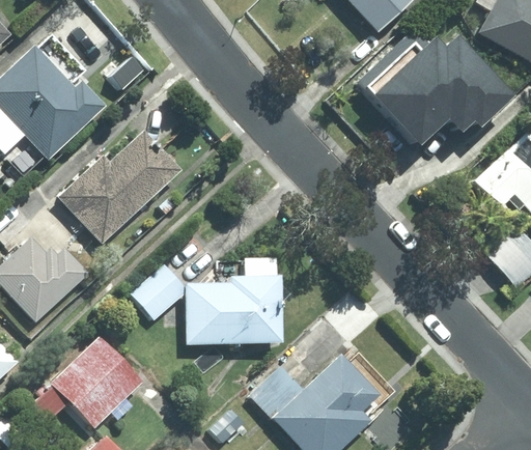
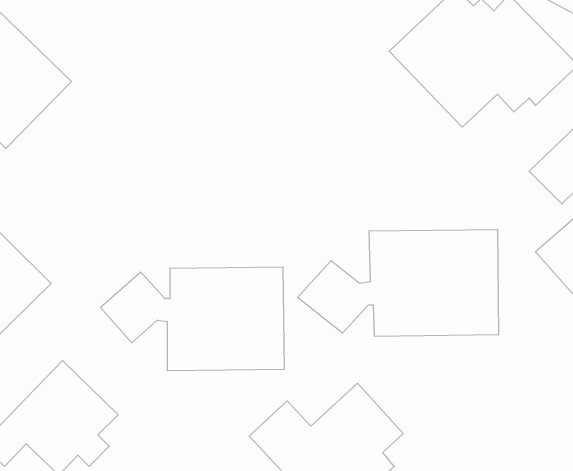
building: [52,132,177,248] -> none
building: none -> [298,229,498,336]

